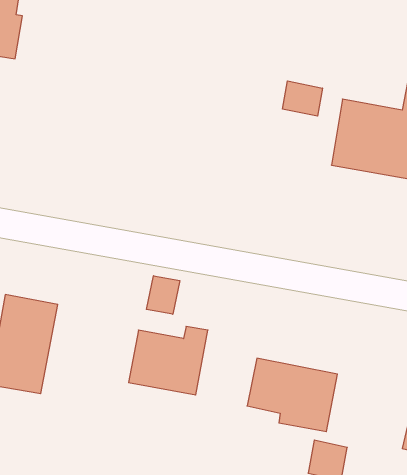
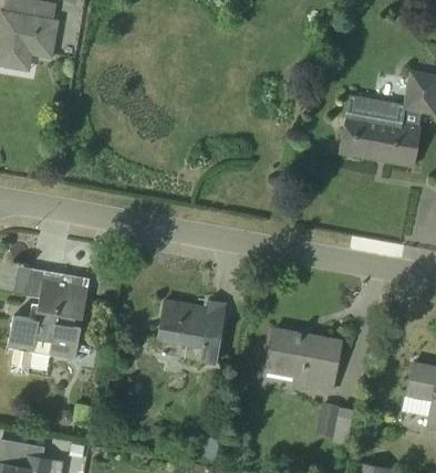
building: [283,81,322,116] -> none
building: [146,276,180,314] -> none

